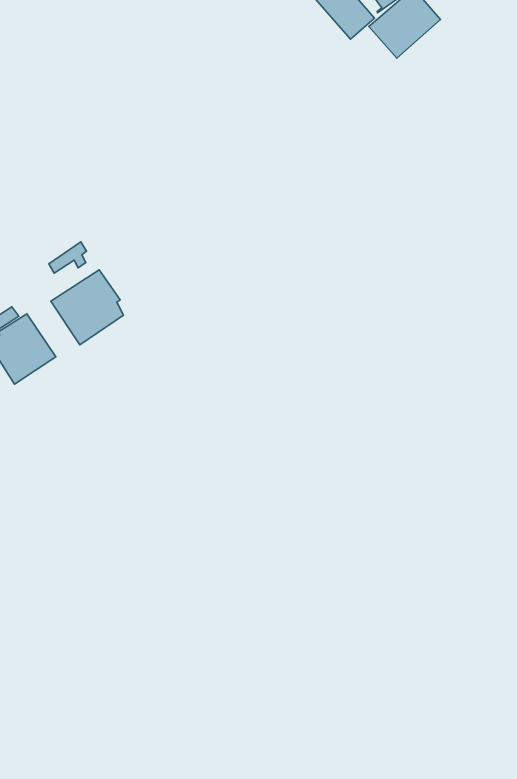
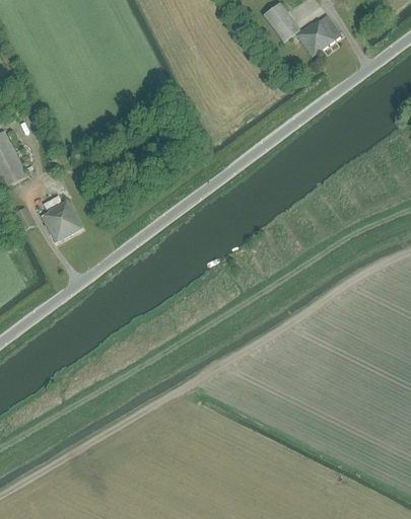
building: [51,270,123,345] -> none

